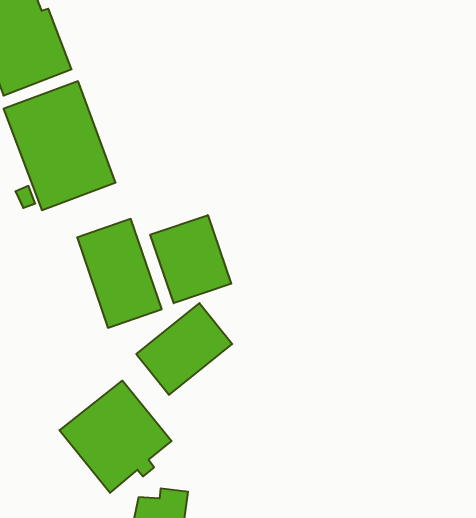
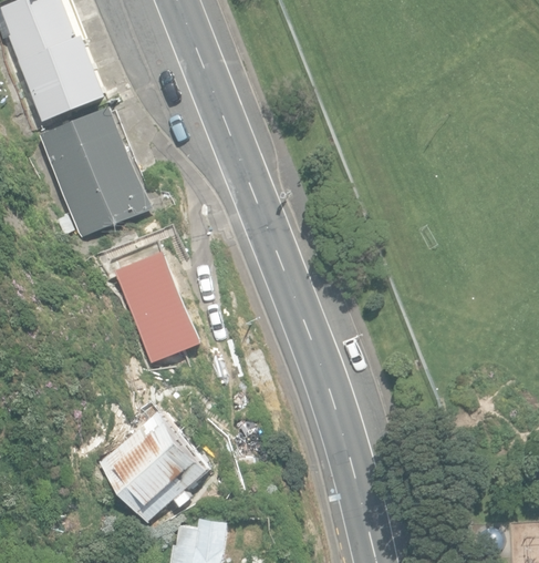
building: [150,215,231,303] -> none
building: [136,303,232,395] -> none

